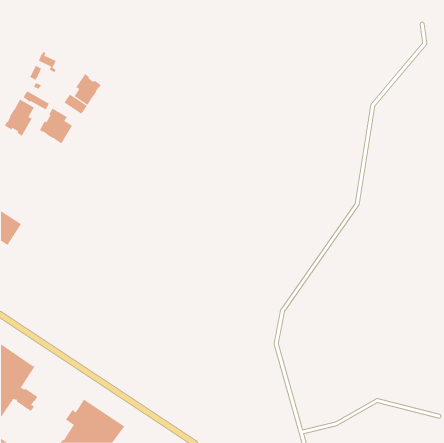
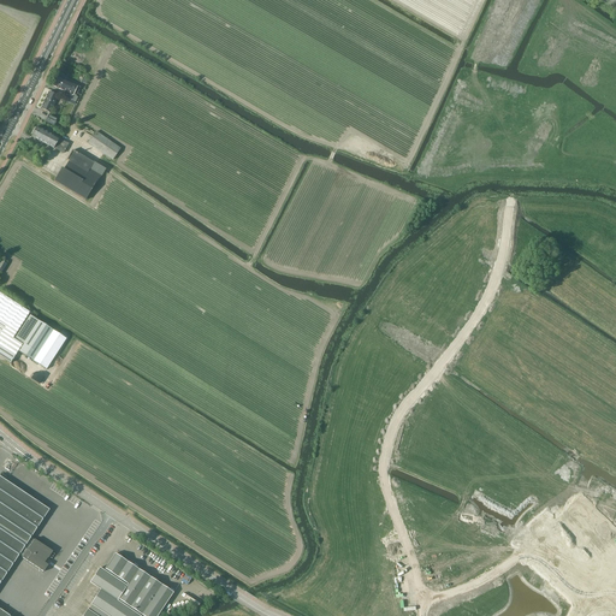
building: [74,73,102,106] -> none
building: [4,99,35,137] -> none
building: none -> [14,314,66,368]

